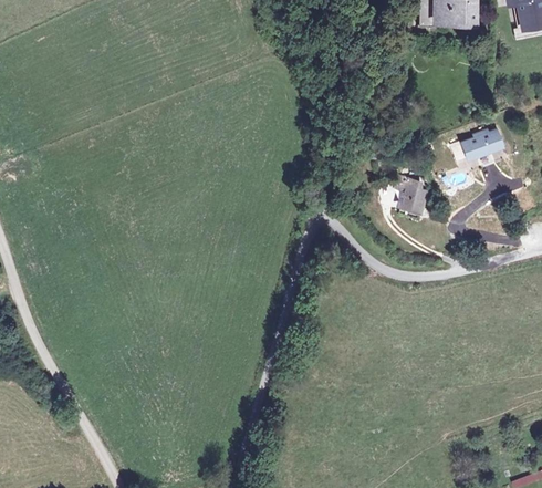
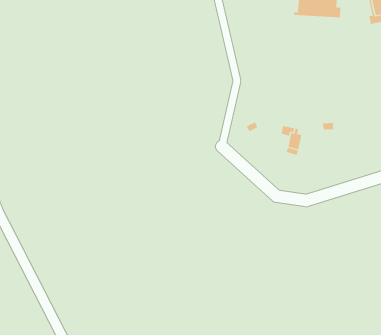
building: [462,129,502,159] -> none

